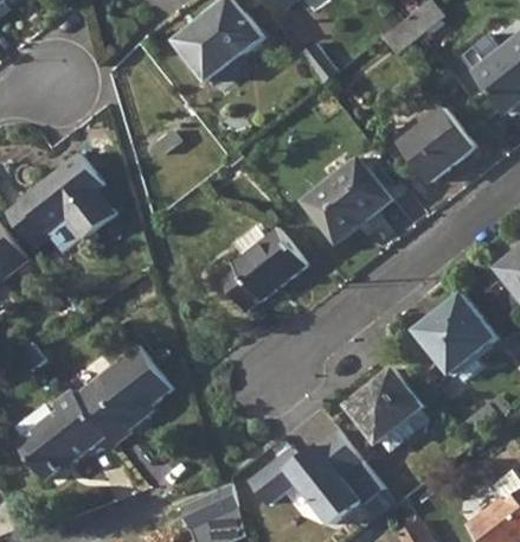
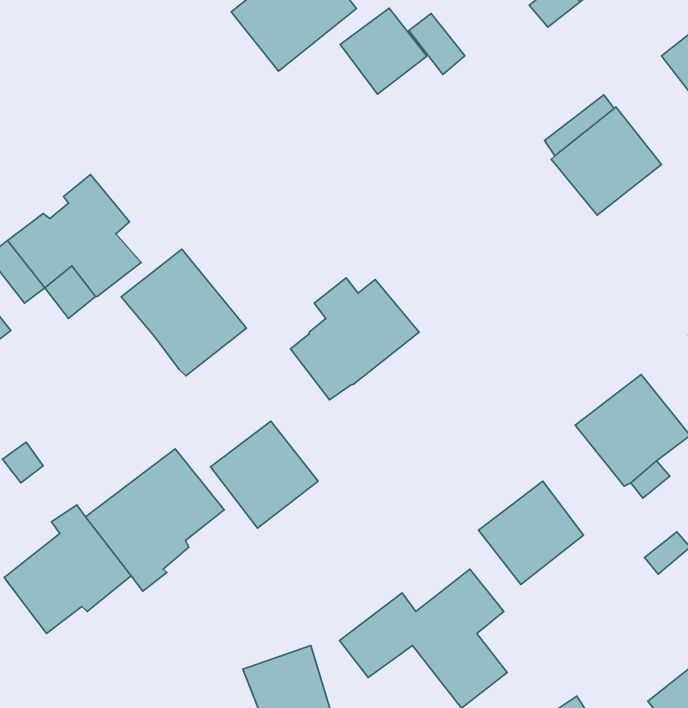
building: none -> [340,8,427,94]
building: [302,159,390,243] -> none
building: none -> [121,249,246,376]
building: none -> [210,421,318,528]

